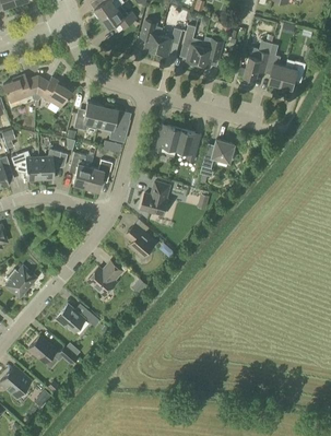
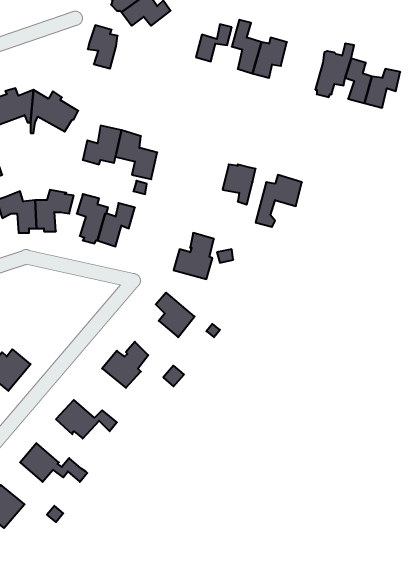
building: [141,20,163,51] -> [88,25,118,69]
building: [155,123,181,154] -> none

